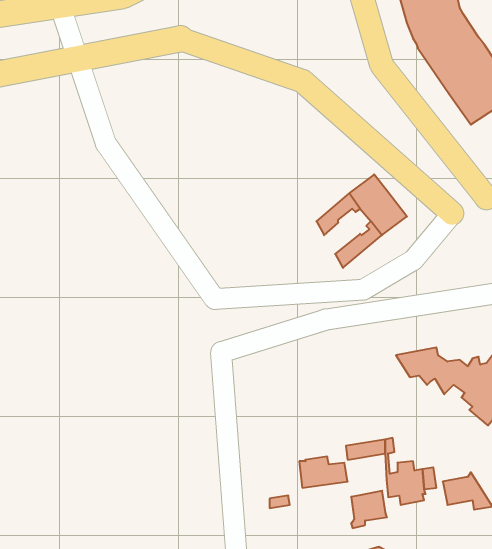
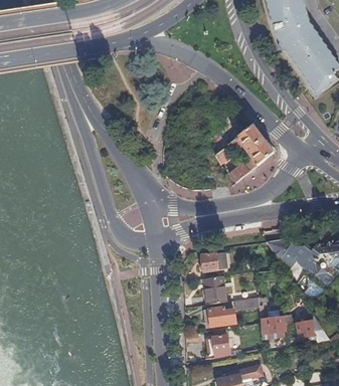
building: none -> [200,251,226,271]
building: none -> [202,274,223,303]
building: [351,491,387,528] -> [207,334,230,358]

